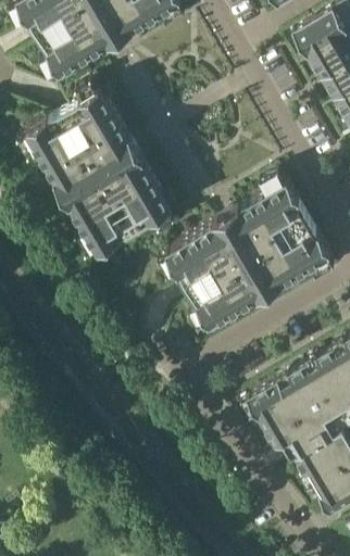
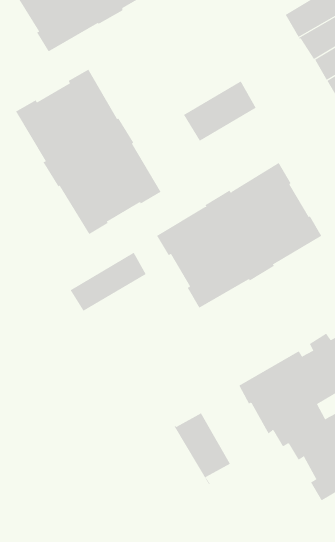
building: none -> [183,81,256,142]
building: none -> [70,252,146,312]
building: none -> [174,413,234,485]

